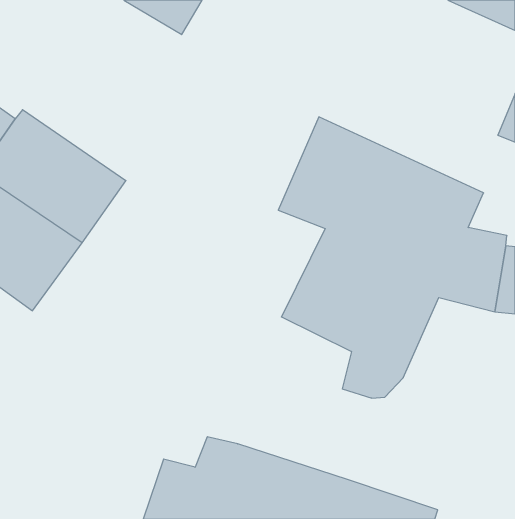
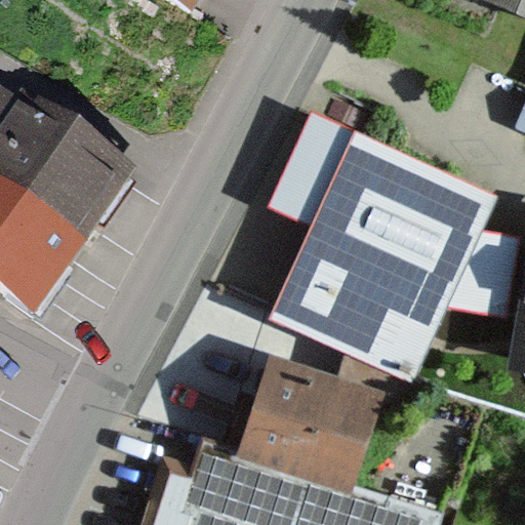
building: none -> [240,366,375,484]

